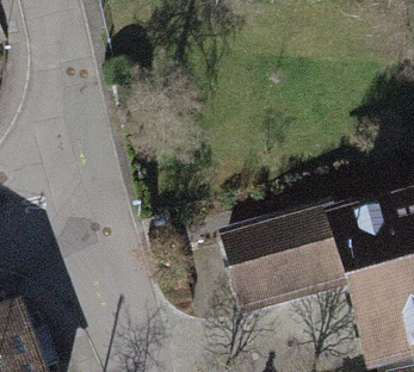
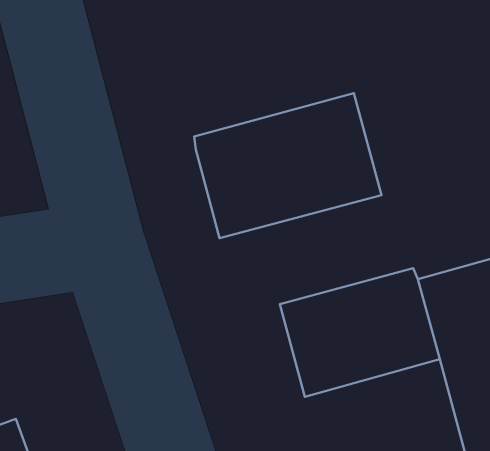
building: none -> [194,93,381,238]

